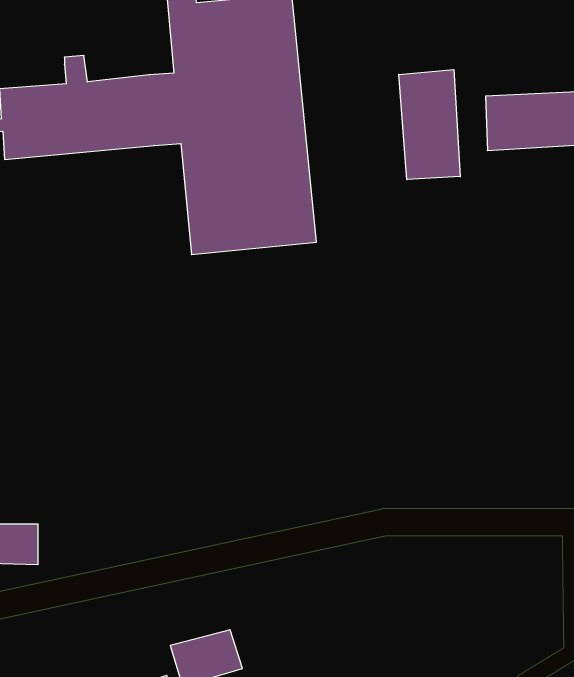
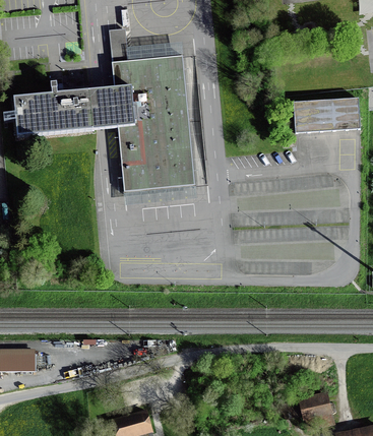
building: [399,70,460,180] -> none
building: none -> [300,390,336,429]

